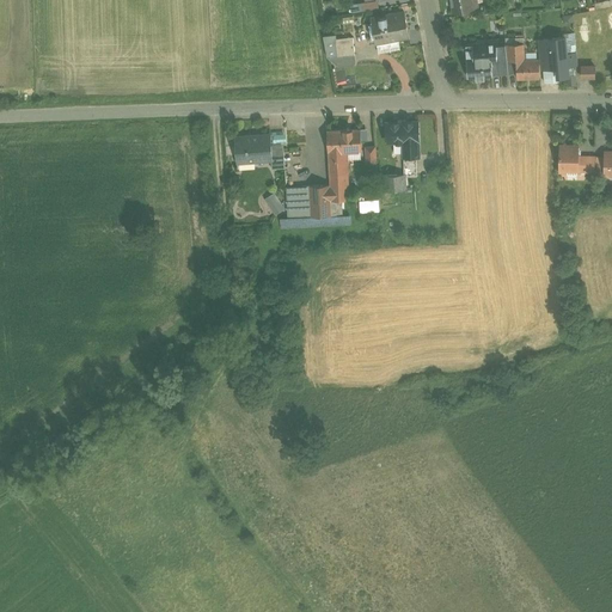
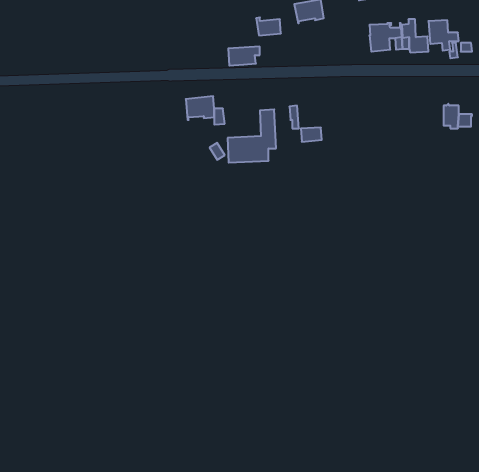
building: [385,121,418,157] -> none
building: [326,128,366,152] -> [228,47,260,66]

